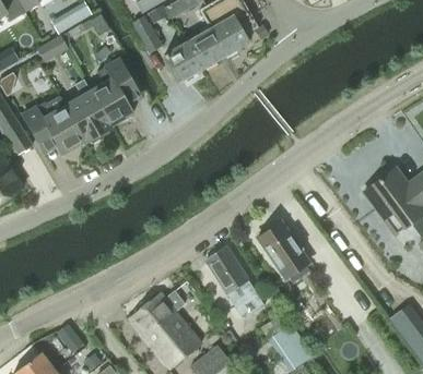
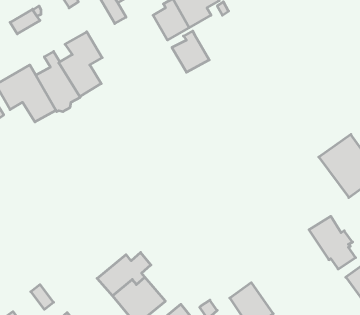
building: [164,37,203,81] -> [172,31,209,72]
building: [258,222,307,278] -> [309,216,356,269]
building: [204,245,265,319] -> none

